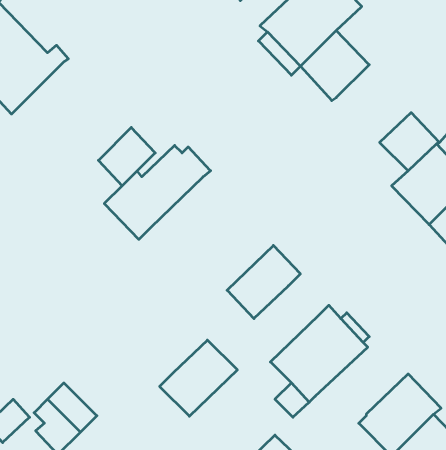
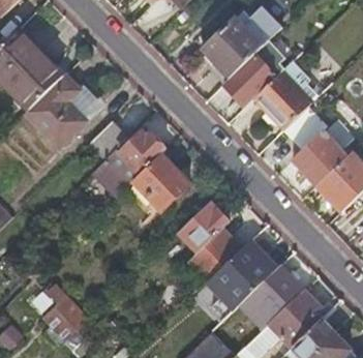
building: none -> [254,69,314,129]
building: none -> [27,73,98,145]
building: none -> [126,153,190,218]
building: none -> [240,266,304,329]
building: [160,340,237,416] -> [188,229,242,281]

